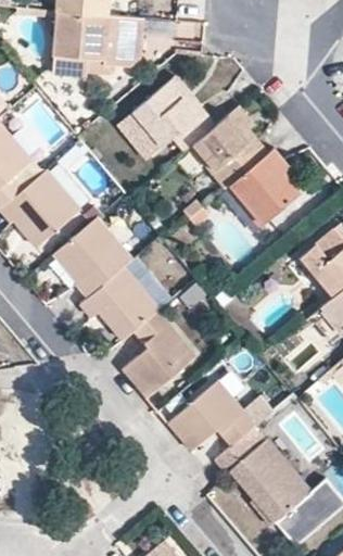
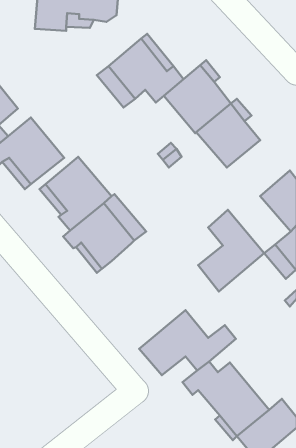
building: [124,309,196,400] -> [198,210,264,292]

